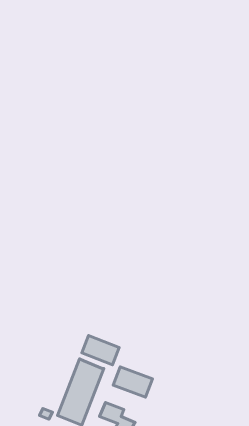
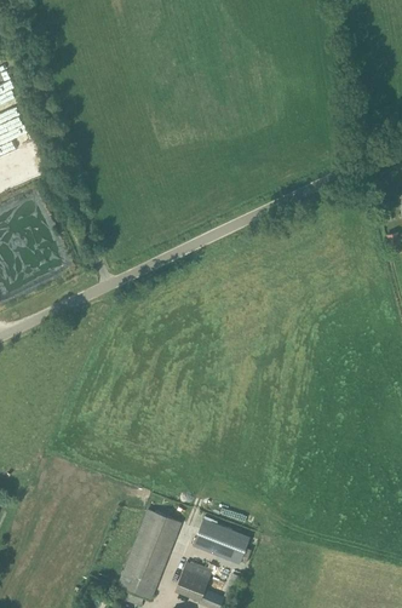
building: [82,336,119,365] -> none

